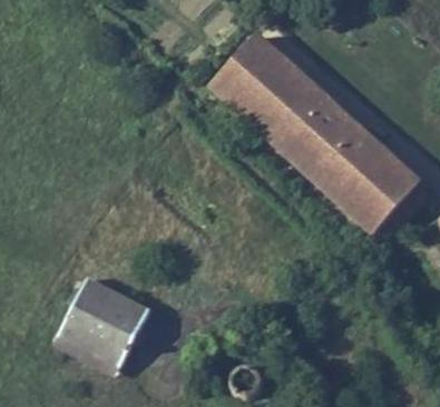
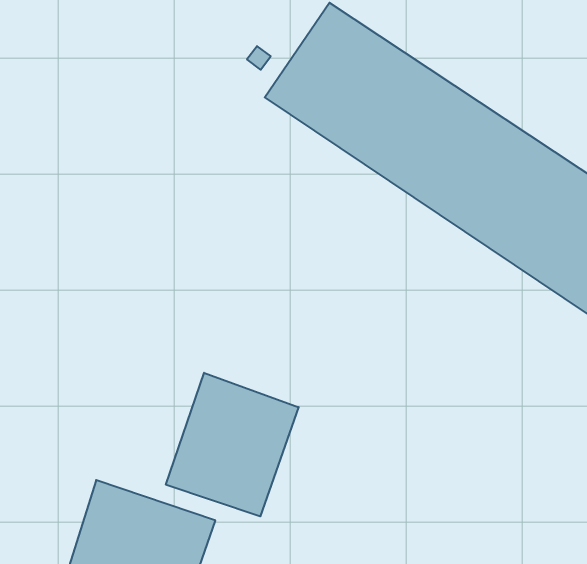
building: none -> [166,373,299,516]

